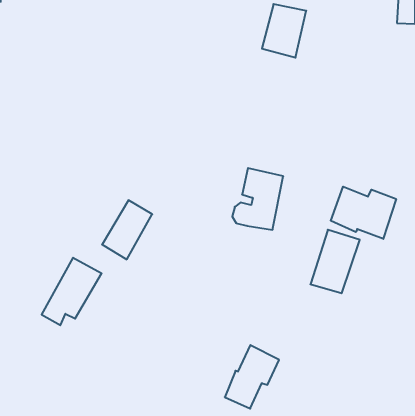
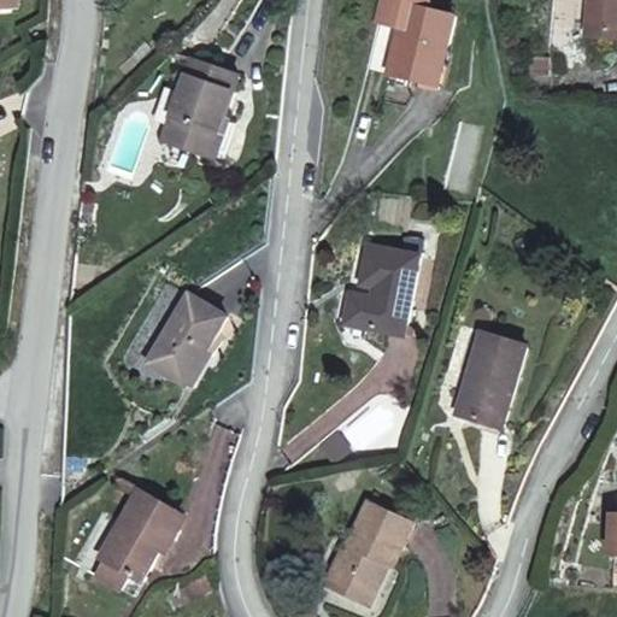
building: none -> [165,57,240,154]
building: [331,187,396,239] -> none
building: [42,258,102,325] -> [93,488,181,587]

